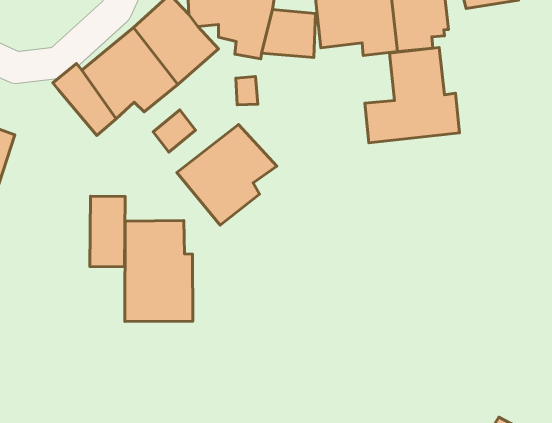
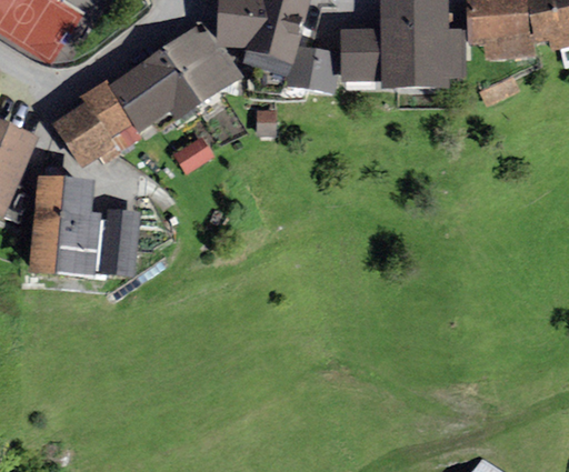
building: [365,47,460,143] -> none
building: none -> [50,100,119,168]
building: [177,125,277,225] -> none
building: [125,220,193,321] -> [28,177,99,279]

